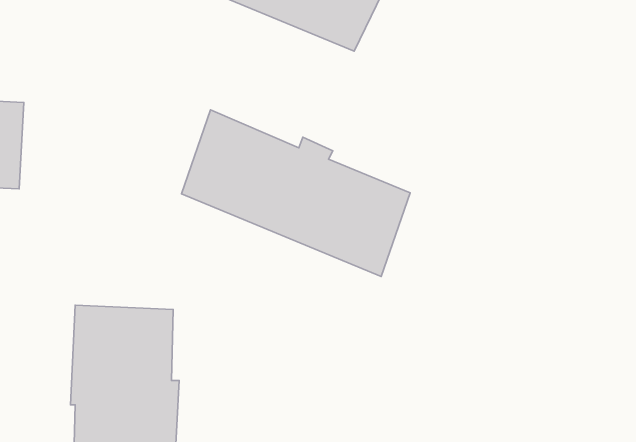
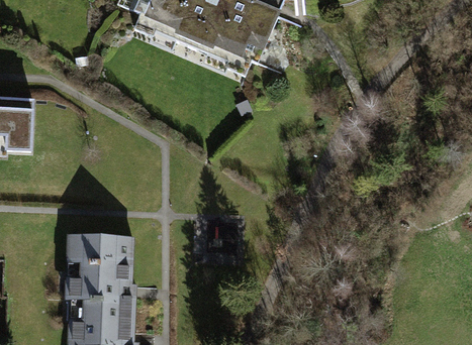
building: [182,110,410,277] -> none

